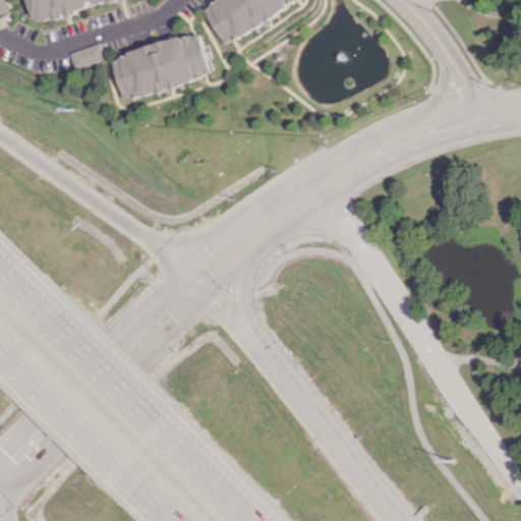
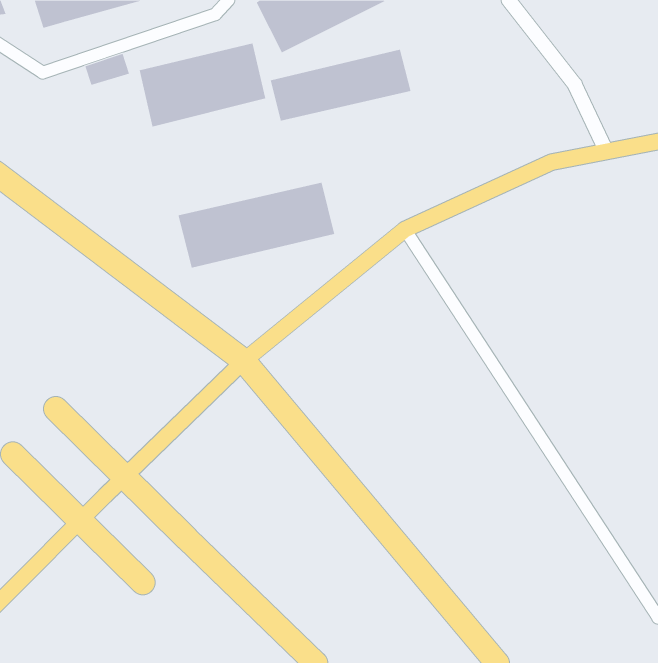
building: none -> [270,49,411,122]
building: none -> [178,182,335,269]

